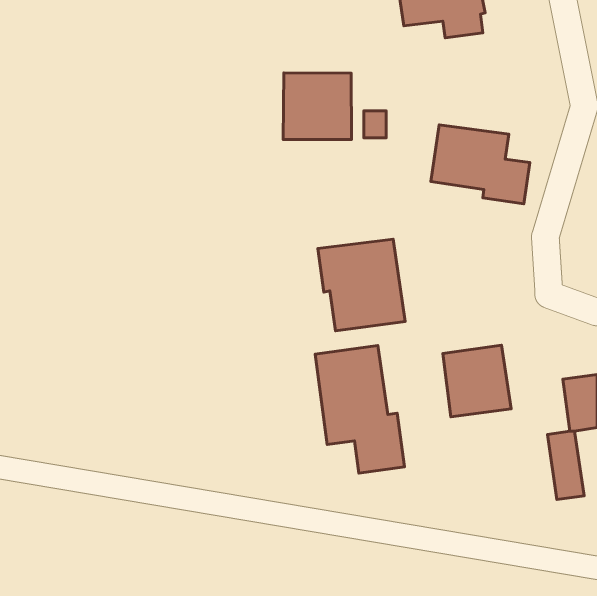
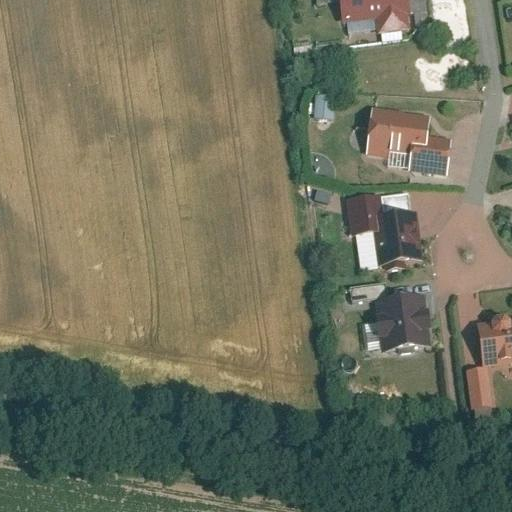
building: [283,73,352,140] -> none
building: [318,239,405,331] -> [346,191,420,269]
building: [315,345,404,473] -> none

